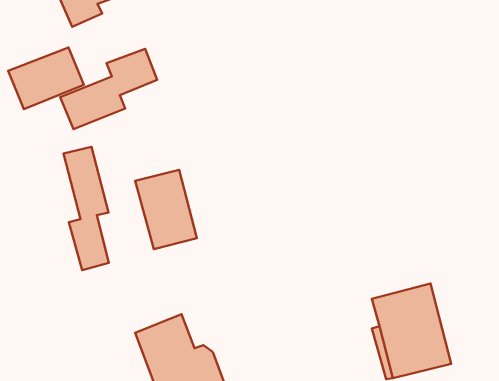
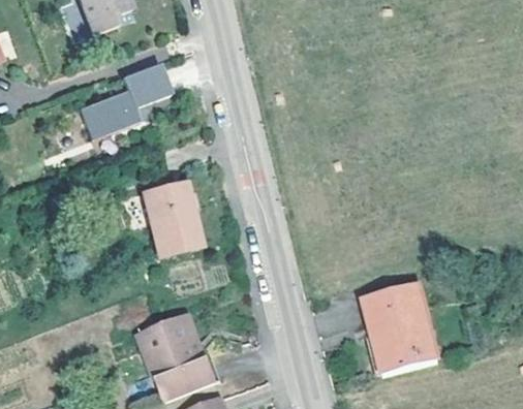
building: [8,47,84,109] -> none
building: [63,147,109,270] -> none

